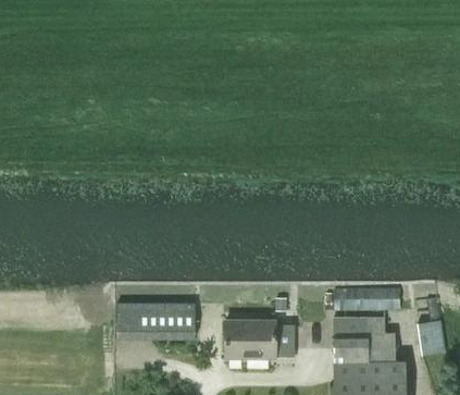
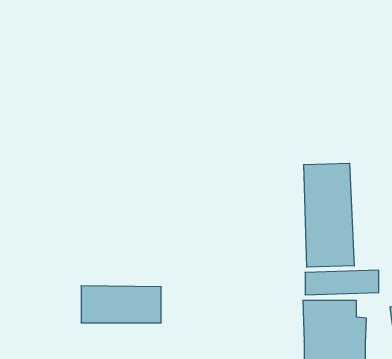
building: none -> [304,163,354,267]
building: [225,320,294,357] -> none

